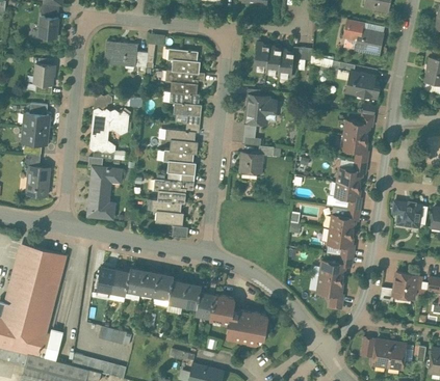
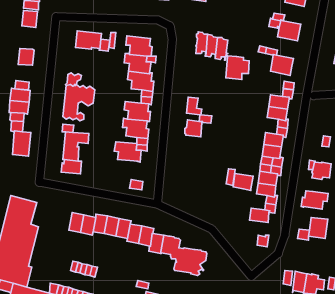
building: [247,94,276,124] -> [226,56,249,79]
building: [152,199,184,224] -> none
building: none -> [301,191,328,209]
building: [318,275,343,296] -> [233,174,253,190]

